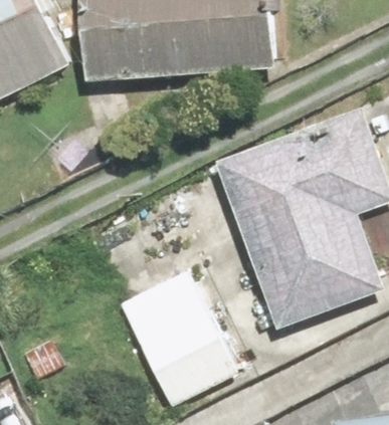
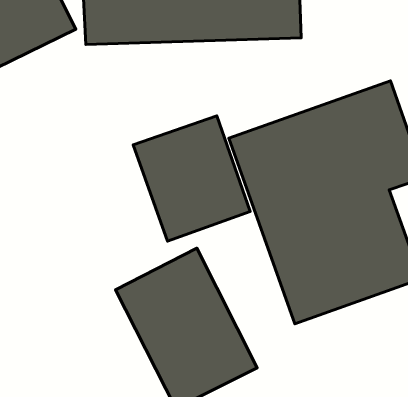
building: none -> [133,116,250,241]

